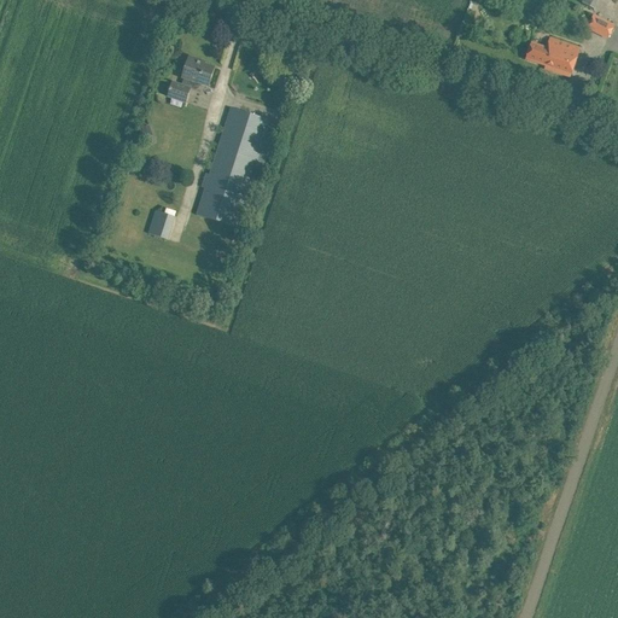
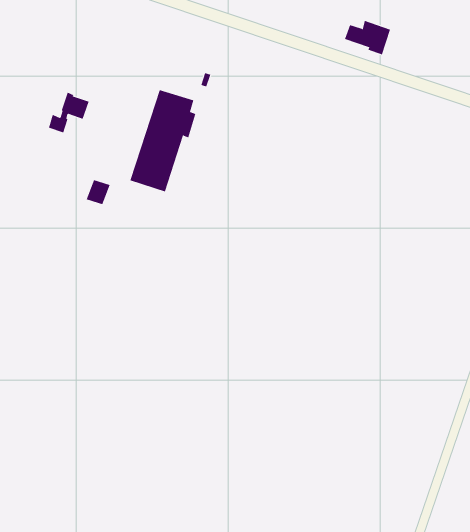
building: [525,36,578,76] -> [344,20,391,55]
building: [167,56,214,103] -> [48,92,89,133]

